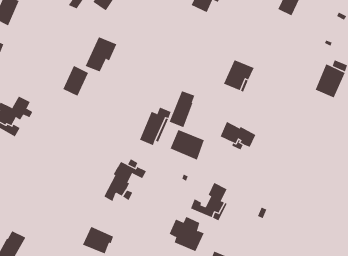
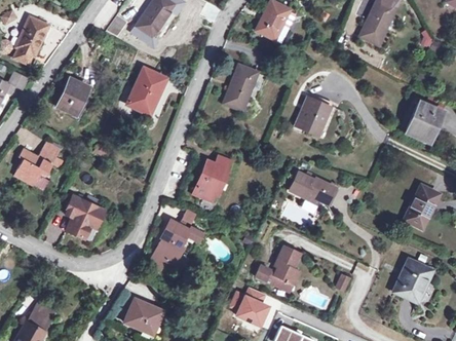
building: [63,65,89,97] -> [58,77,89,115]
building: [169,90,195,128] -> [224,65,256,110]
building: [170,129,205,161] -> none
building: none -> [404,184,440,228]
building: none -> [65,194,105,237]
building: none -> [394,259,432,301]

